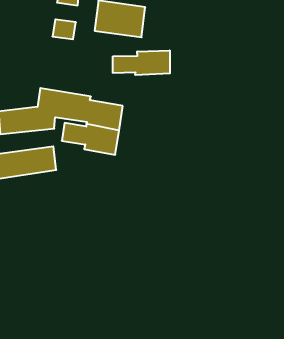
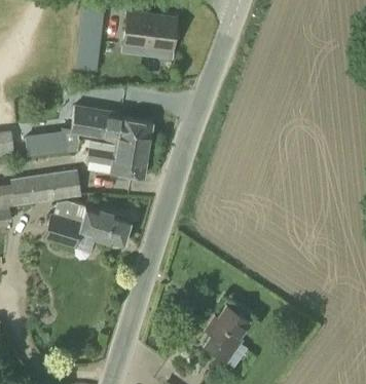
building: [113,50,170,75] -> none
building: none -> [45,200,130,244]
building: none -> [203,306,248,362]

